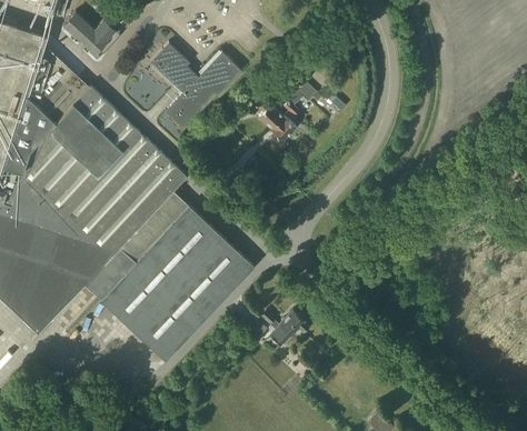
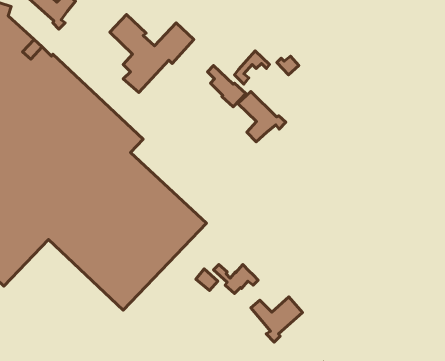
building: [131,64,167,102] -> none
building: none -> [238,92,286,142]
building: none -> [251,297,302,342]

